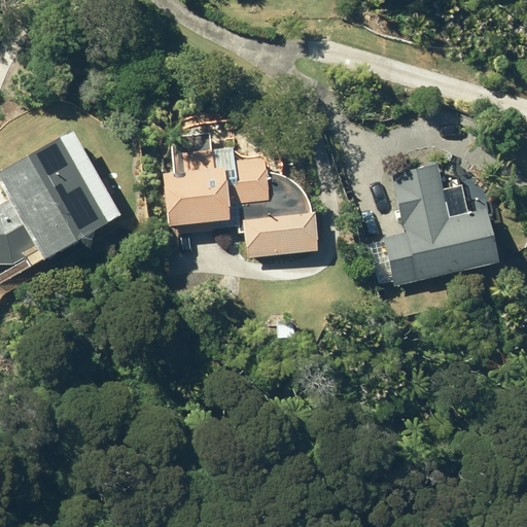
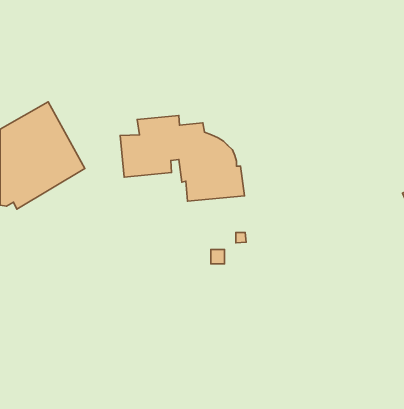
building: [386,163,498,286] -> none

